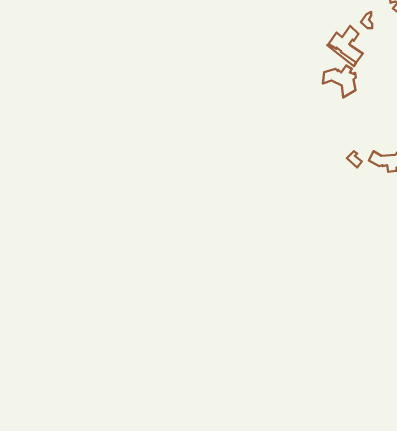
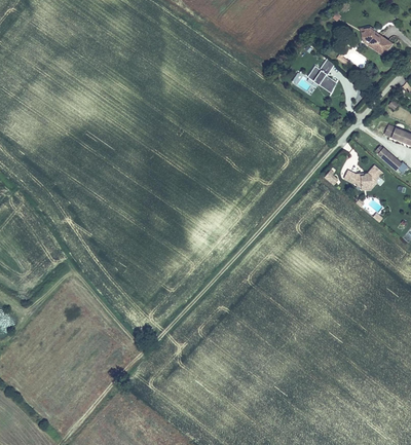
building: [323,65,356,98] -> none

